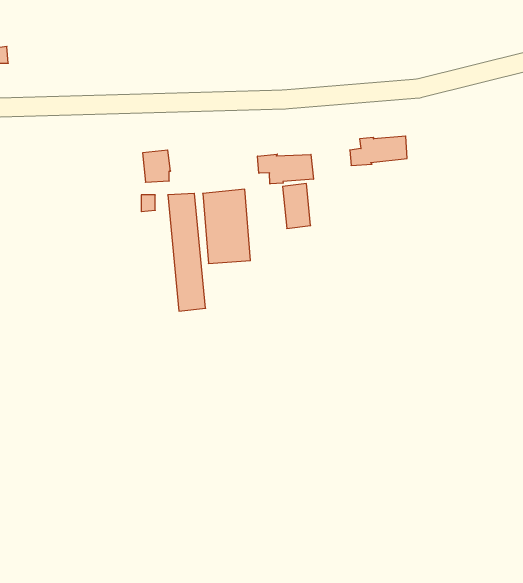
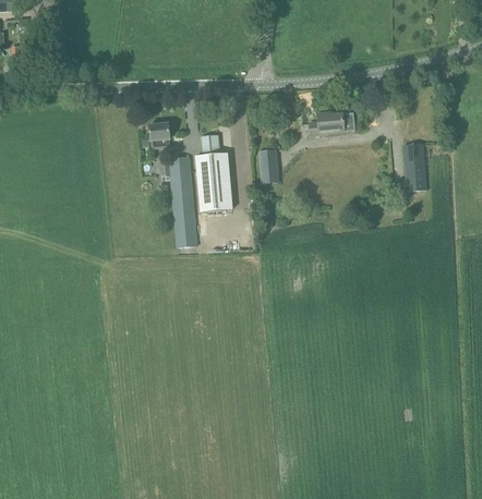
building: [258,154,313,184] -> none
building: none -> [402,142,430,191]

